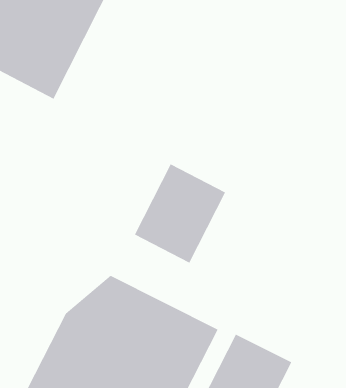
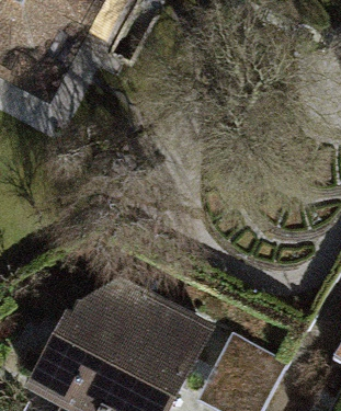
building: [134,163,226,263] -> none

